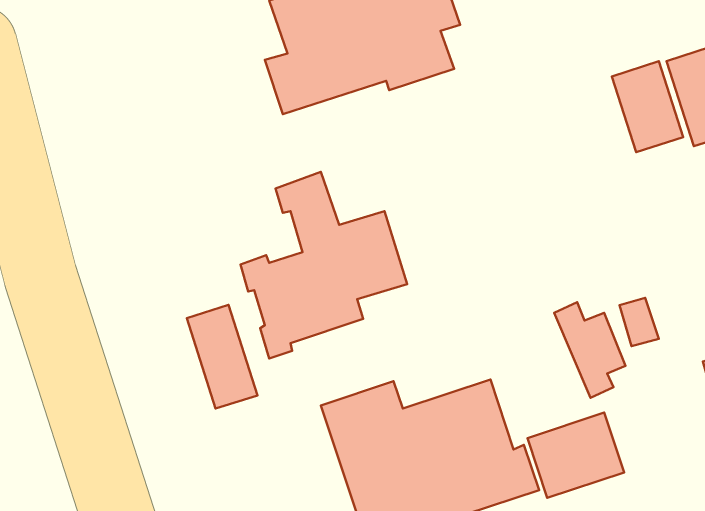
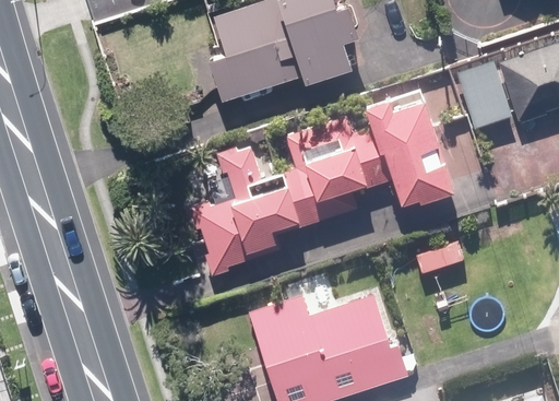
building: none -> [285,99,448,224]
building: [187,305,257,409] -> none
building: [527,412,624,498] -> none

